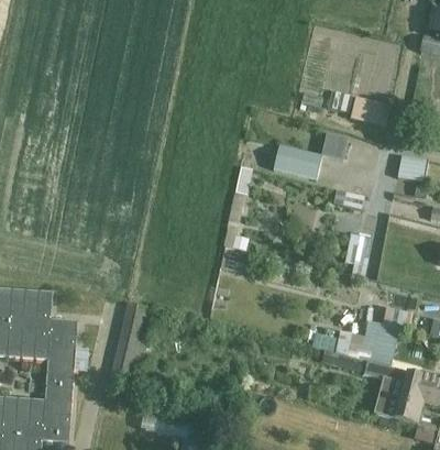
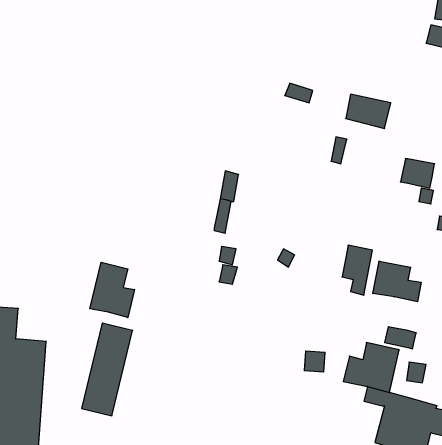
building: [273,146,321,180] -> none
building: none -> [373,261,421,302]
building: none -> [90,262,134,318]

